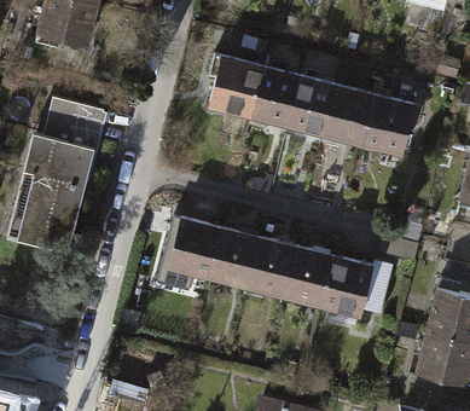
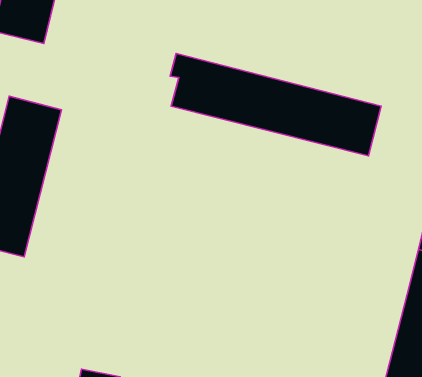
building: [166,220,388,318] -> none

